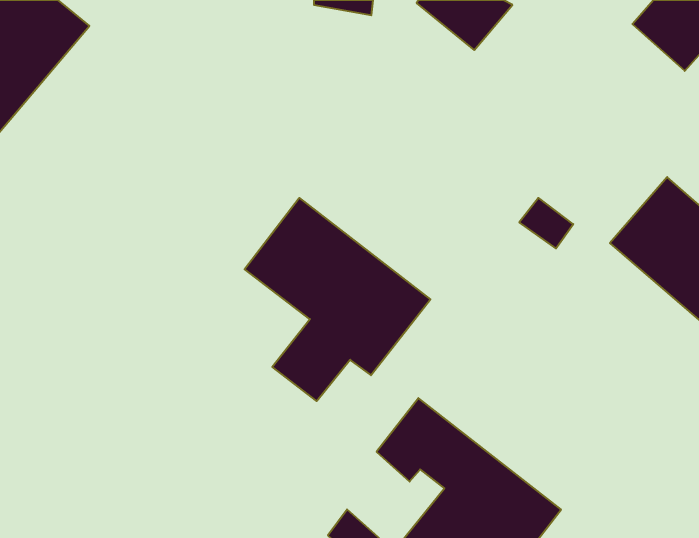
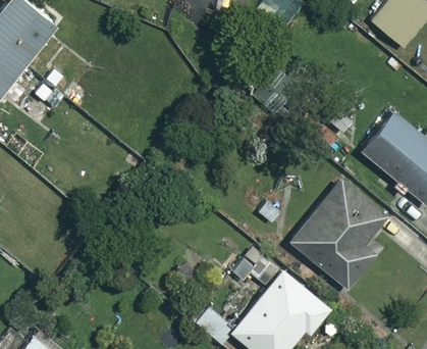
building: [245,198,430,401] -> none
building: none -> [289,179,390,291]

